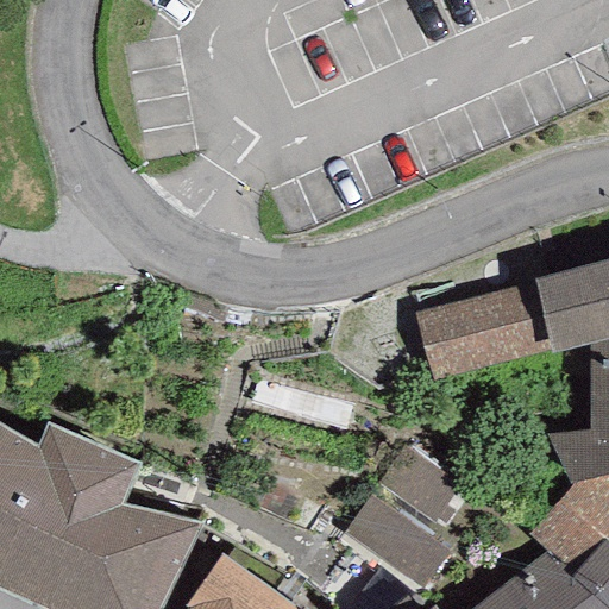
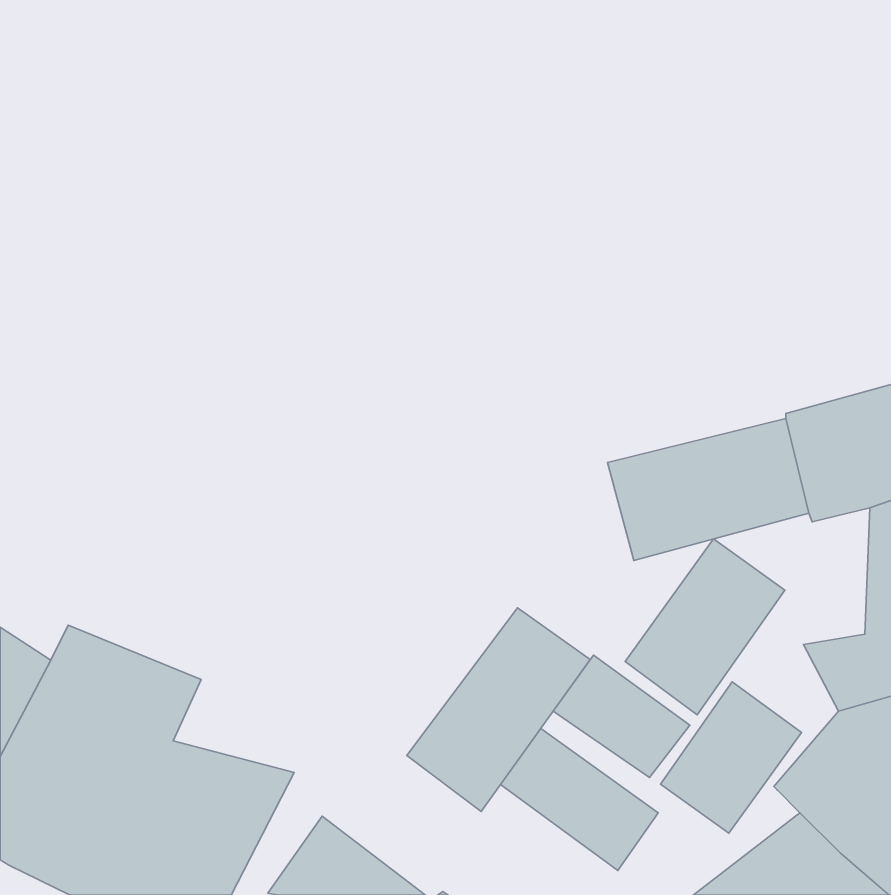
building: none -> [625,539,785,715]
building: none -> [407,608,590,811]
building: none -> [661,682,801,833]

